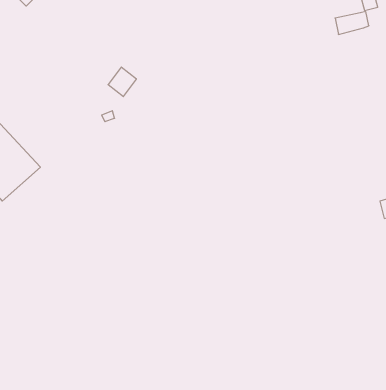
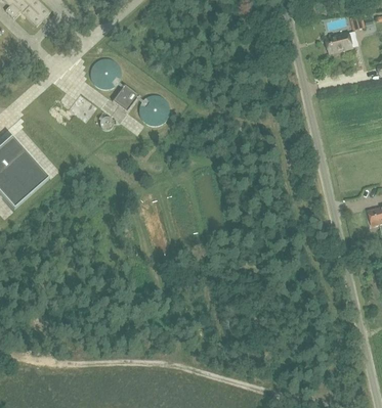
building: none -> [91,58,121,88]
building: none -> [140,94,170,124]

